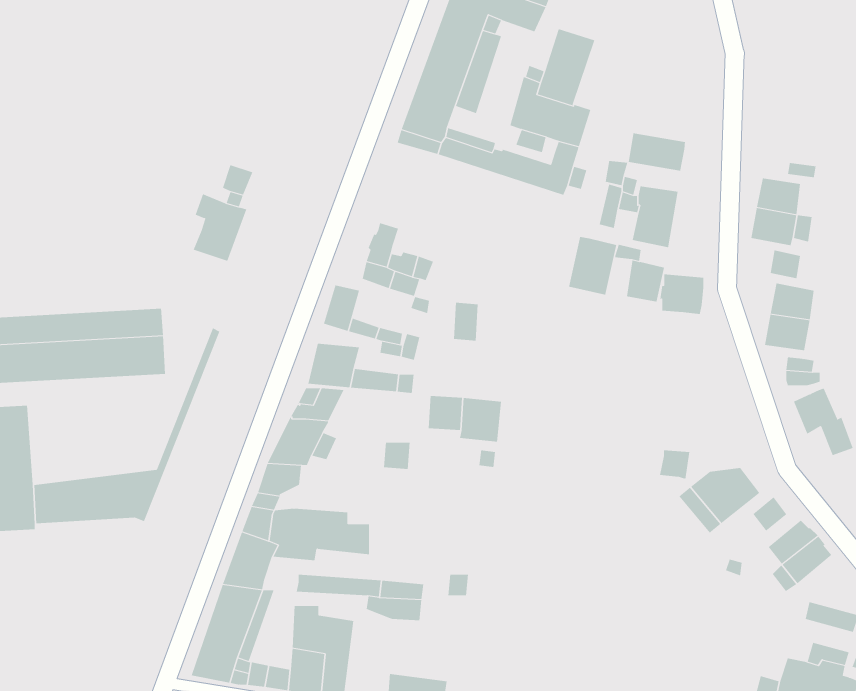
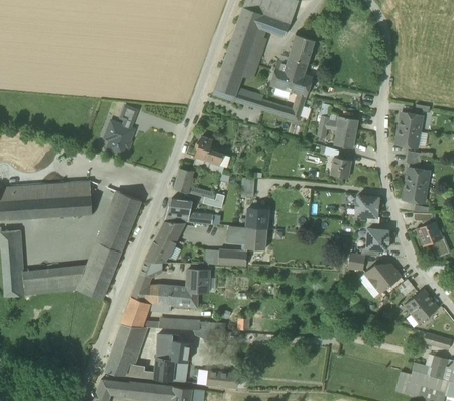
building: [628,133,686,171] -> none
building: [569,236,617,296] -> none
building: [660,274,704,315] -> [355,195,378,216]
building: none -> [81,192,141,299]
building: none -> [246,208,268,228]
building: none -> [366,228,388,249]
building: none -> [218,248,247,265]
building: none -> [187,269,209,292]

